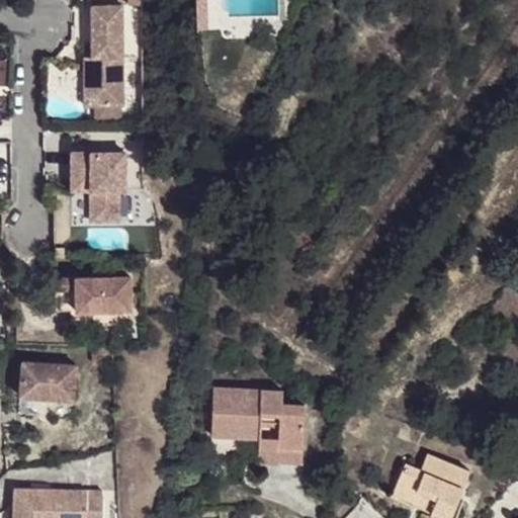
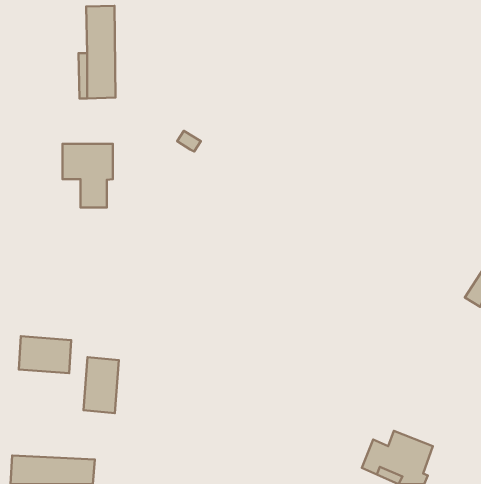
building: [75,273,130,307] -> none
building: none -> [83,357,119,413]
building: [210,395,303,465] -> none

